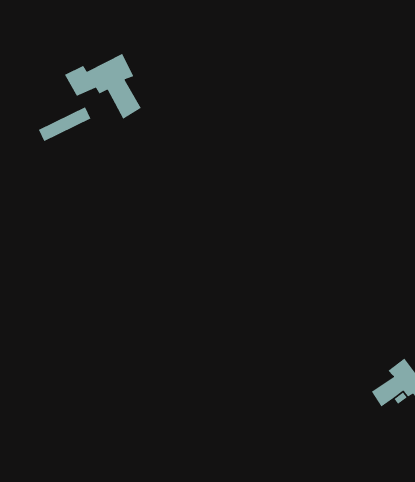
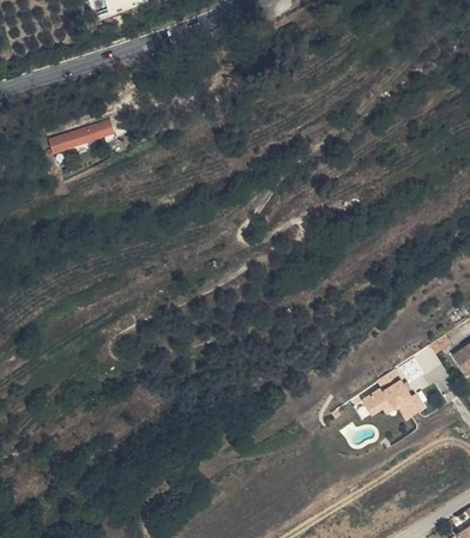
building: [64,53,142,120] -> none

